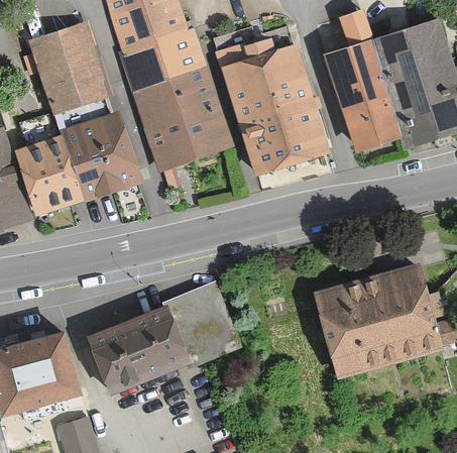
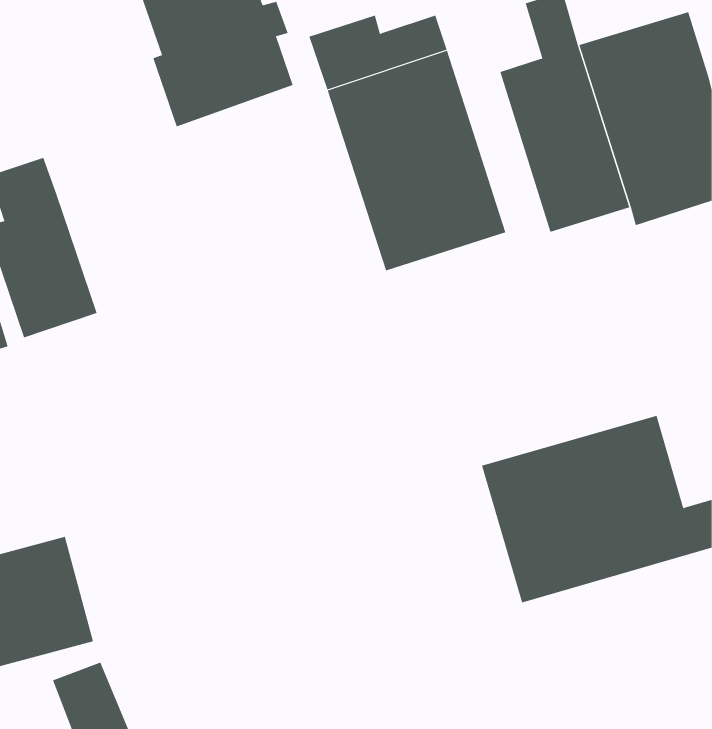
building: [28,21,110,113] -> none
building: [130,65,229,171] -> none
building: [59,111,141,202] -> none
building: [85,280,243,395] -> none

